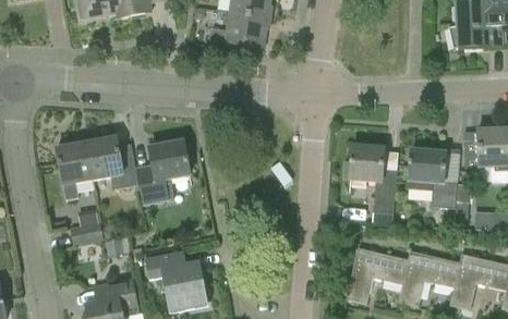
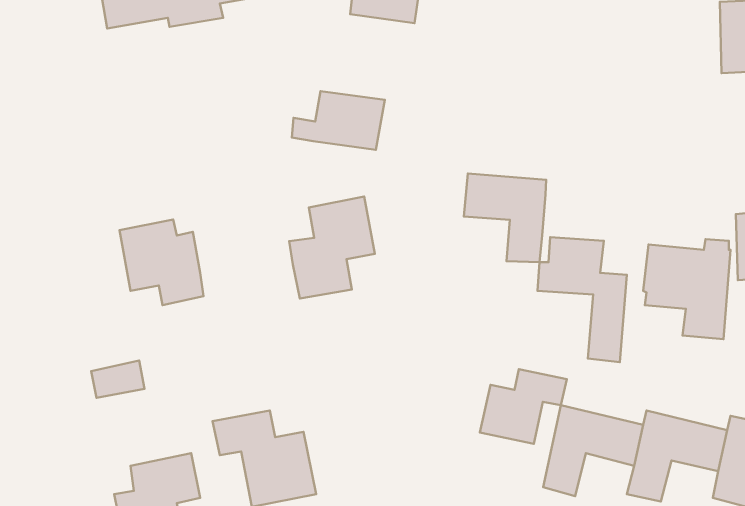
building: [210,10,267,46] -> [292,91,385,150]
building: none -> [464,174,546,262]
building: [136,140,189,203] -> [289,197,375,298]
building: [56,142,94,198] -> none
building: none -> [480,369,567,444]

